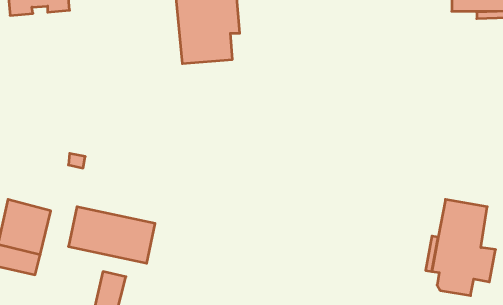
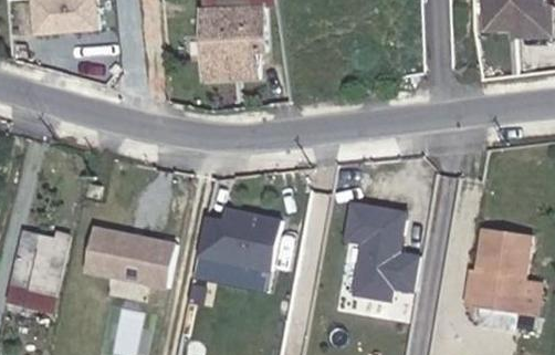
building: none -> [345,207,420,304]
building: none -> [196,215,281,275]

